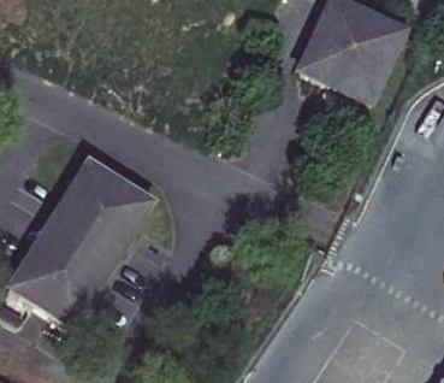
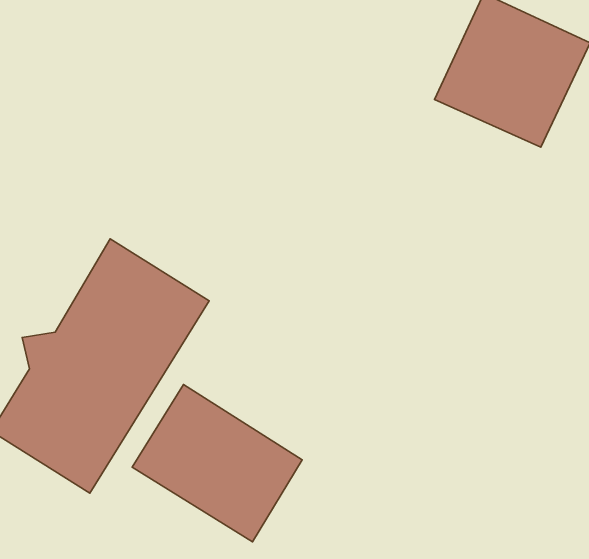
building: none -> [132,385,302,542]

